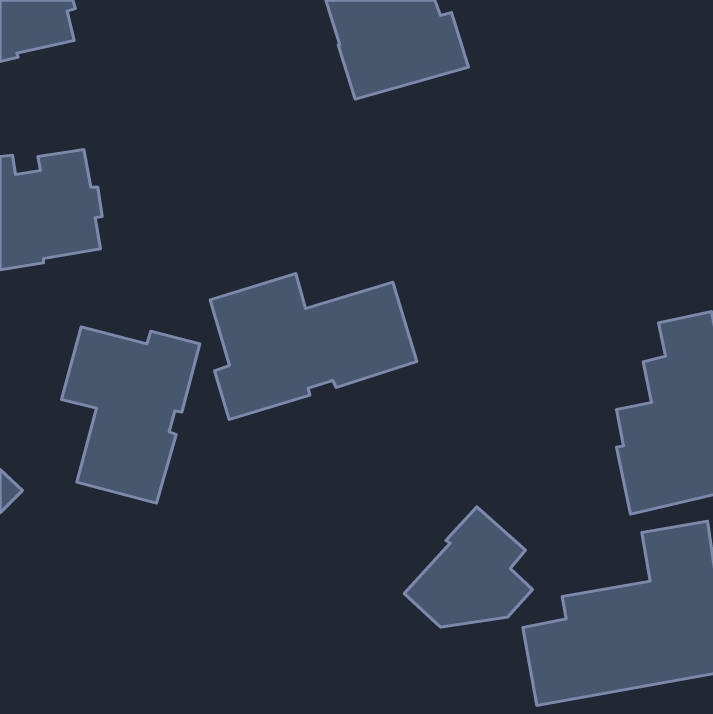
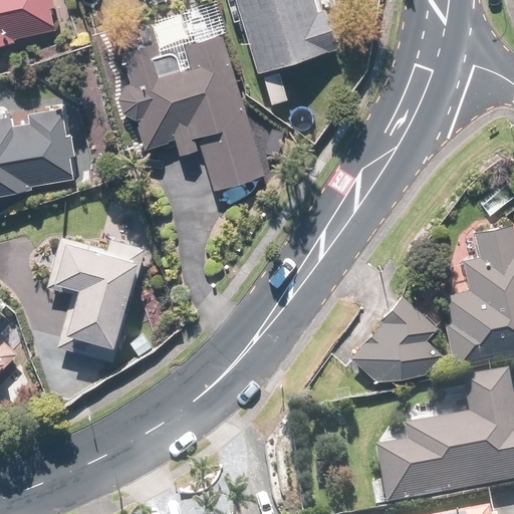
building: none -> [117,34,264,190]
building: [210,274,417,420] -> none
building: [404,507,533,627] -> [349,294,442,380]

